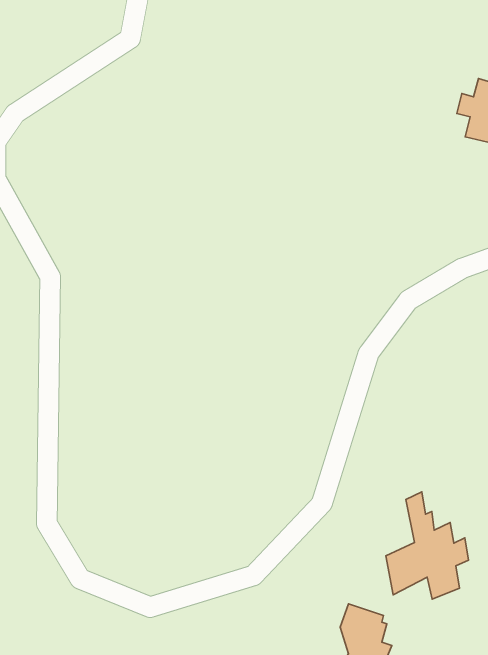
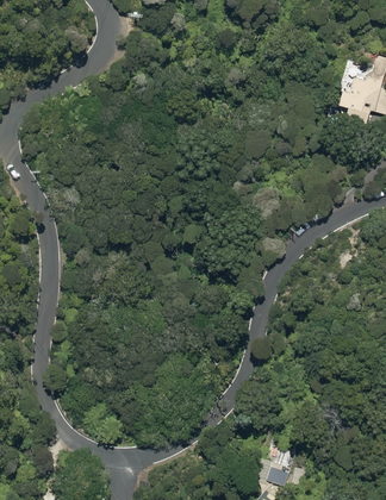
building: [386,492,469,599] -> none

